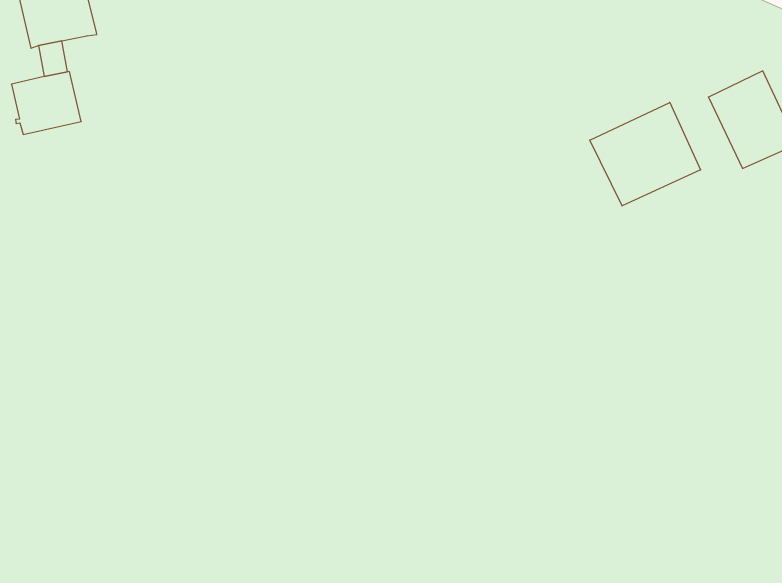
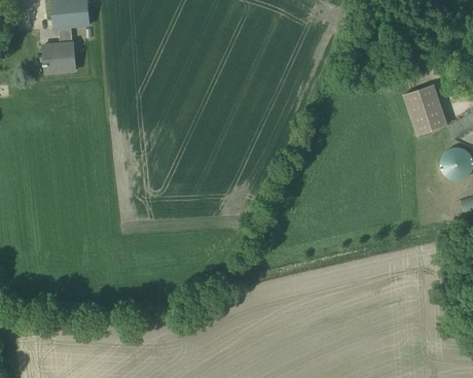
building: [590,102,701,206] -> none

